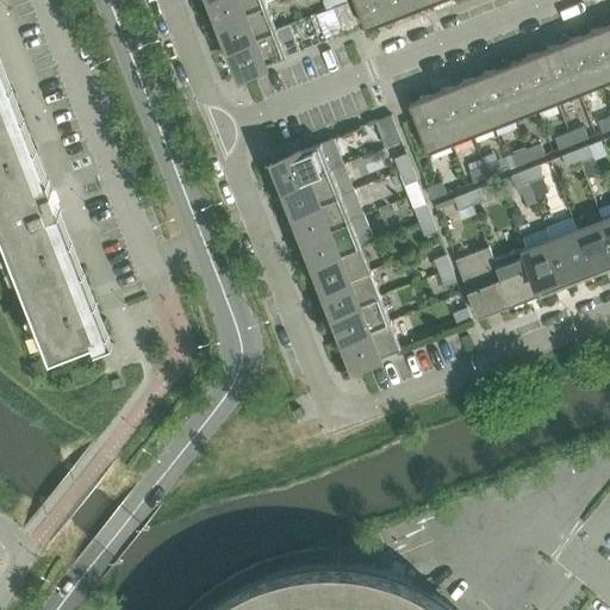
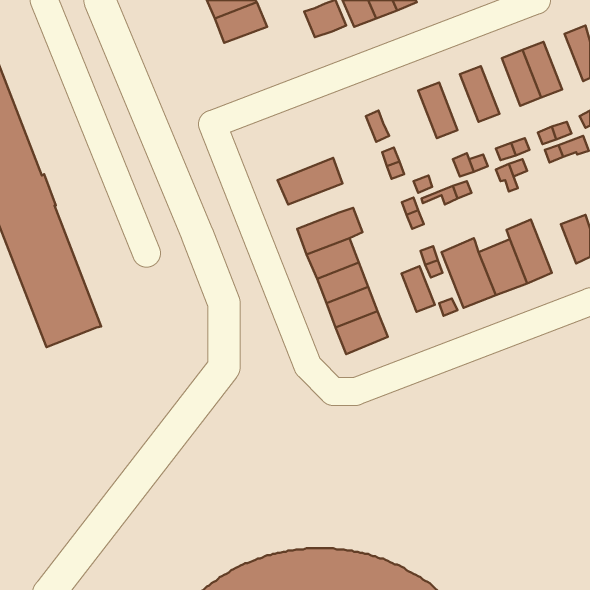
building: [230,31,284,74] -> none
building: [558,38,598,95] -> none
building: [493,63,534,120] -> none
building: [450,80,491,137] -> none
building: [406,97,448,155] -> none
building: [275,139,342,188] -> none
building: [295,192,362,238] -> none
building: [544,219,591,284] -> none
building: none -> [401,266,435,312]

